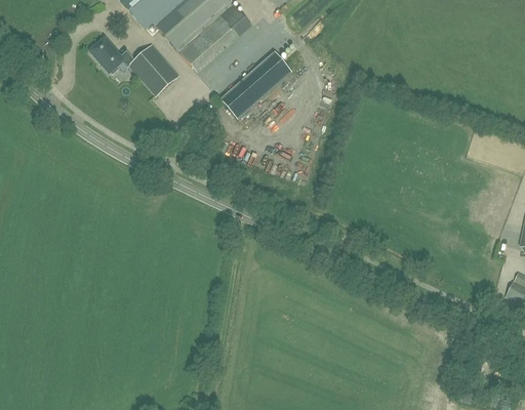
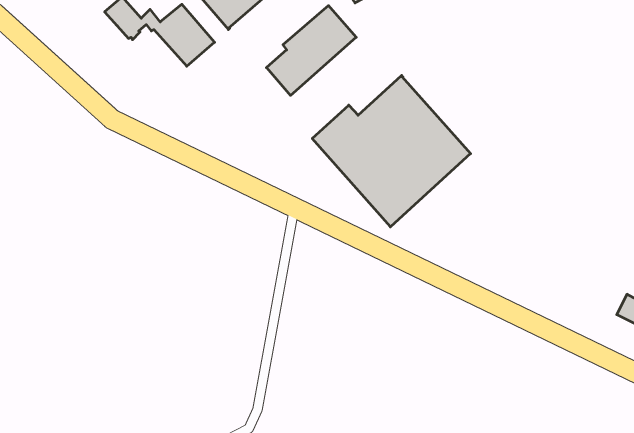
building: none -> [312,75,471,227]

